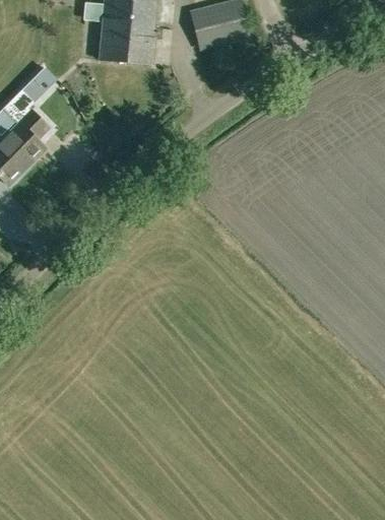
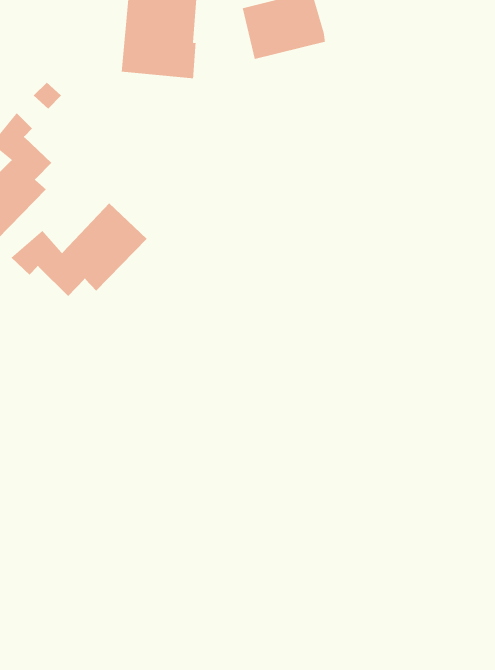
building: none -> [10,203,147,297]

